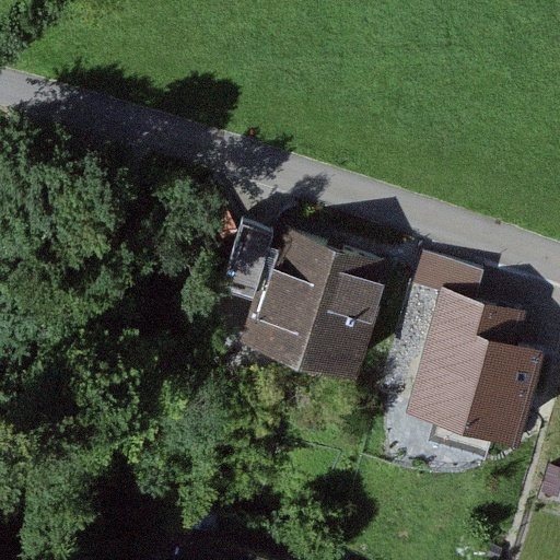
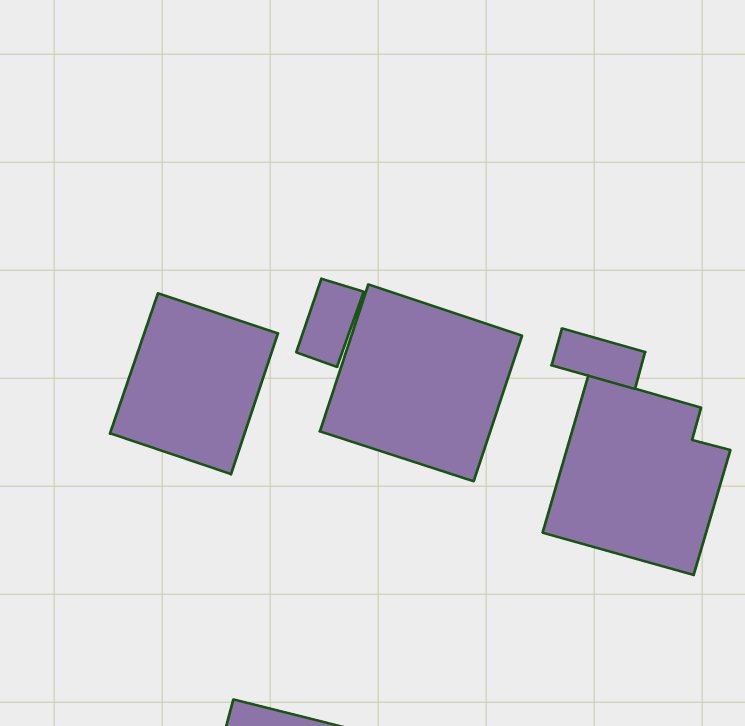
building: none -> [110,293,278,474]

